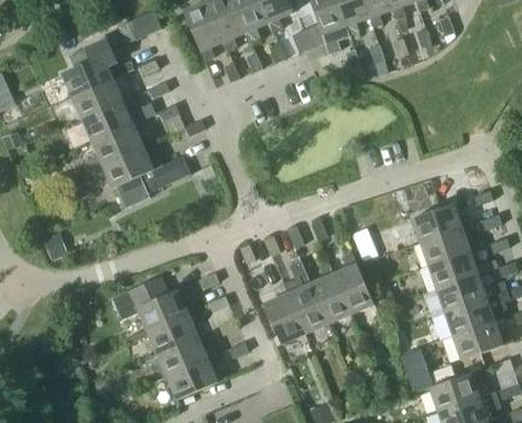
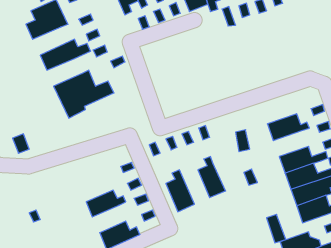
building: [70,77,130,118] -> none
building: [91,123,151,163] -> none
building: [417,227,476,265] -> none
building: [330,254,372,314] -> none
building: [282,260,325,334] -> none
building: [111,276,196,330] -> none
building: [156,335,215,375] -> none

